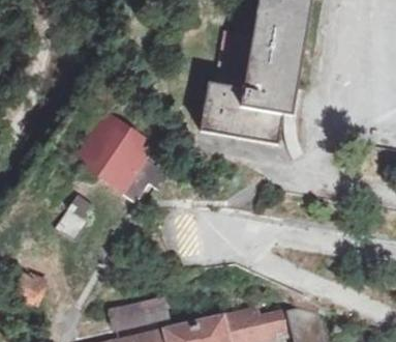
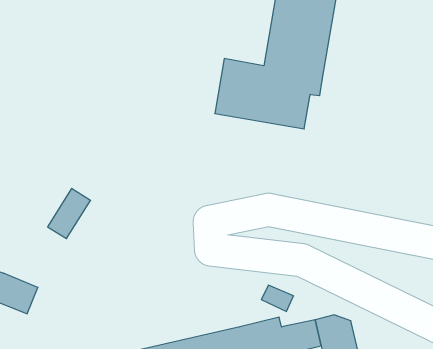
building: [78,114,169,201] -> none
building: [110,296,169,331] -> none

